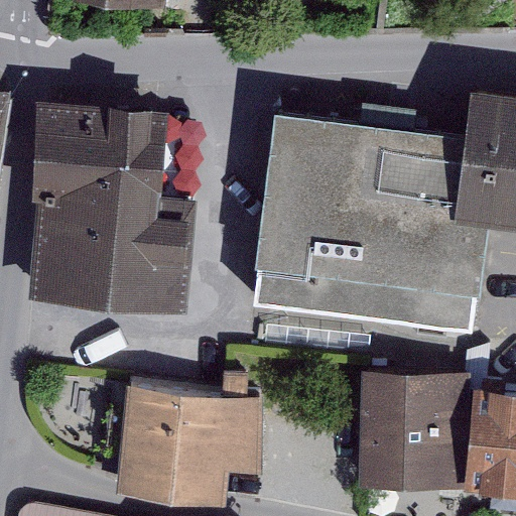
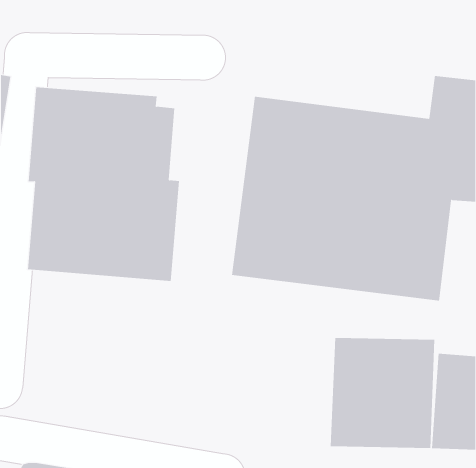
building: [116,387,265,509] -> none

